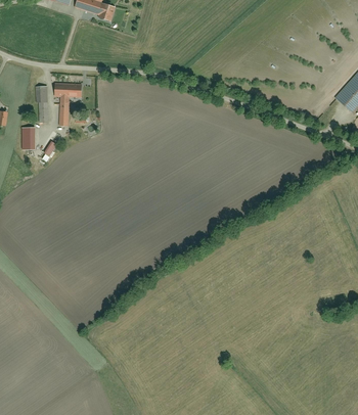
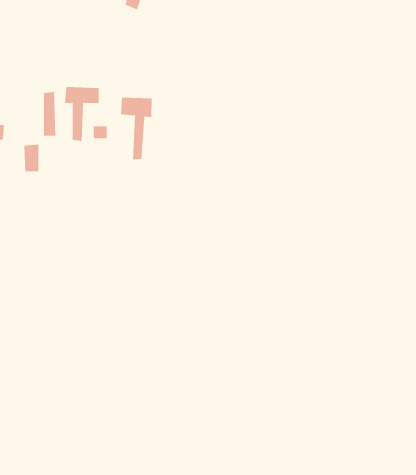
building: none -> [120,97,152,160]

